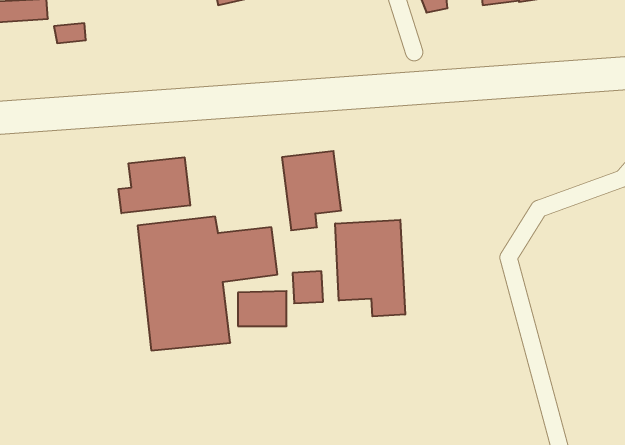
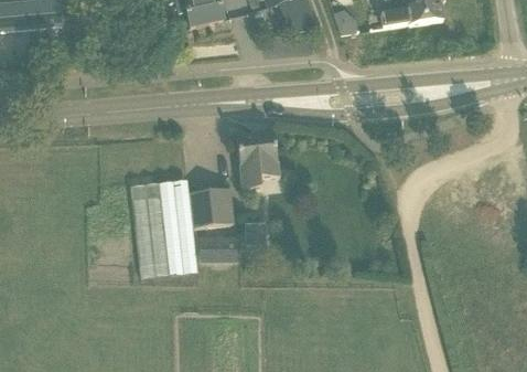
building: [119,157,190,213] -> none
building: [335,220,405,316] -> none

